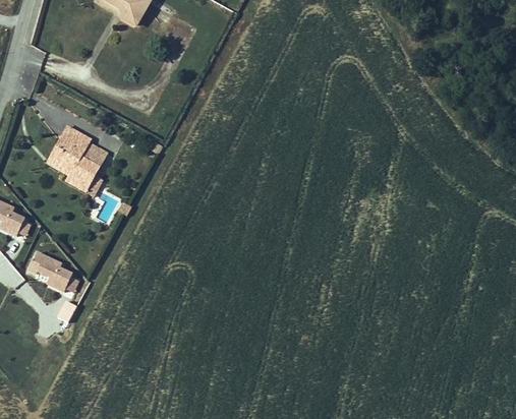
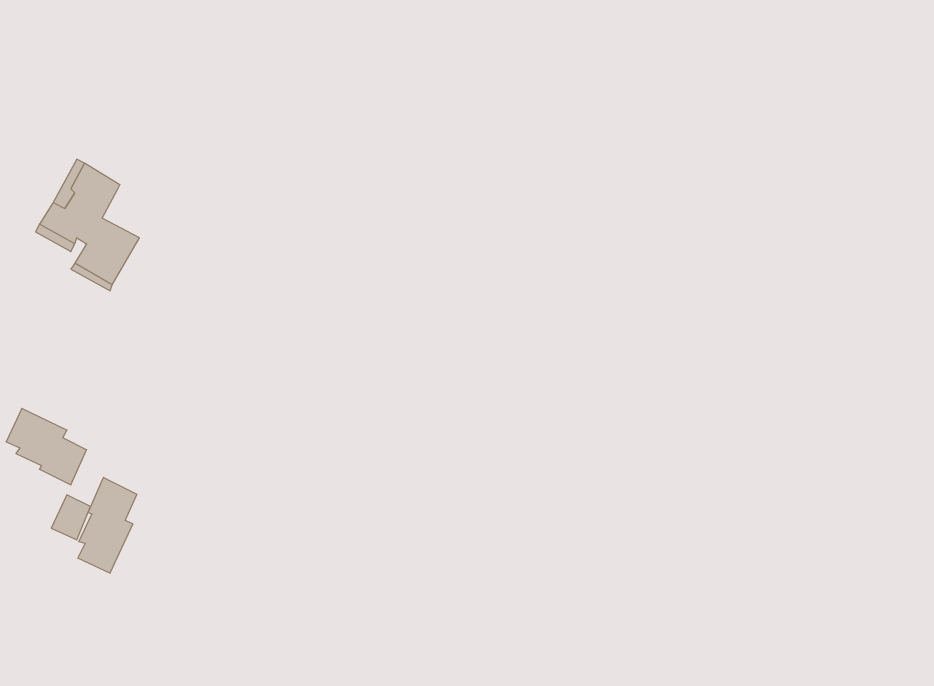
building: [81,139,109,165] -> none
building: none -> [78,477,137,573]

